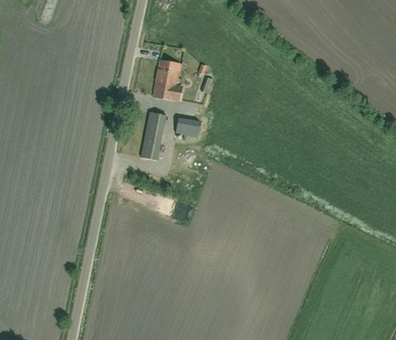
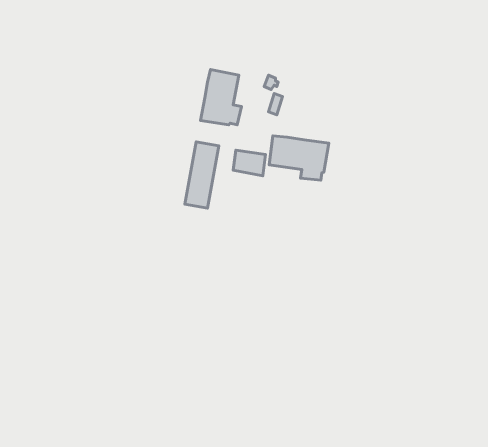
building: none -> [269,136,329,180]

